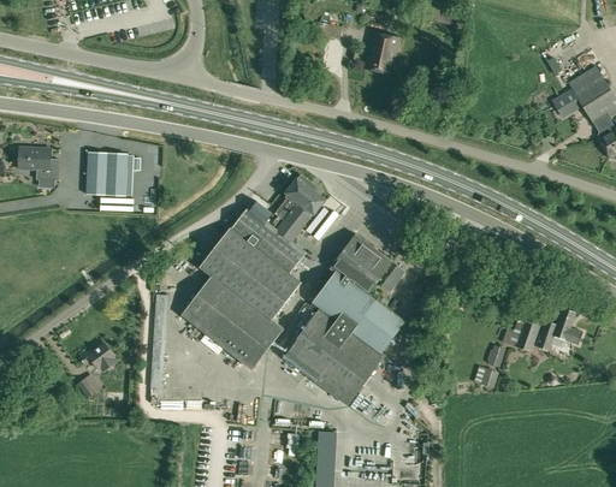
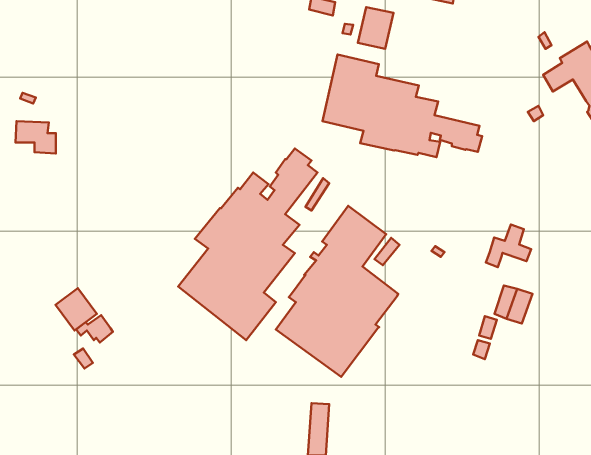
building: none -> [322,54,482,157]
building: [87,152,134,195] -> none
building: [537,307,582,350] -> [486,224,531,267]
building: none -> [56,288,97,331]

